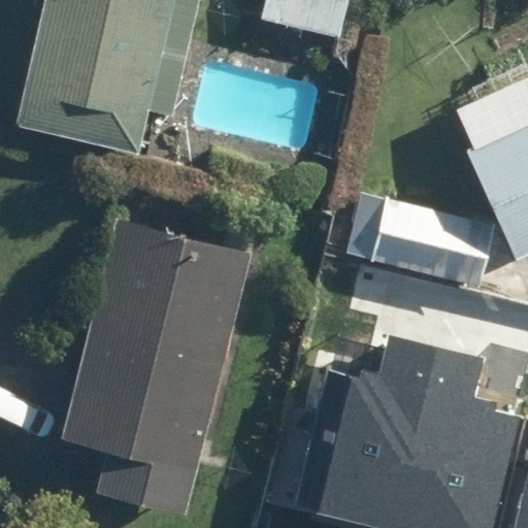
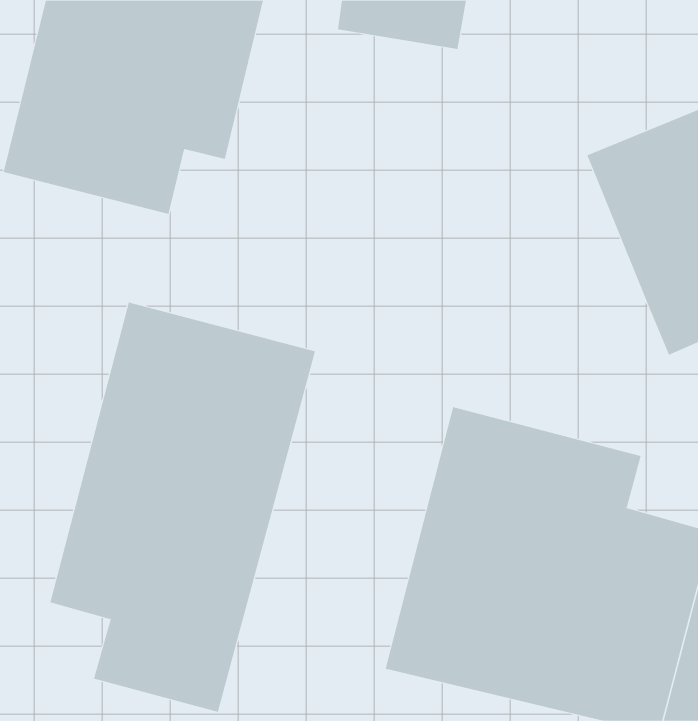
building: [362,191,491,285] -> none

